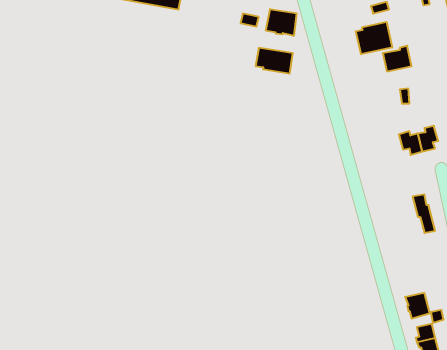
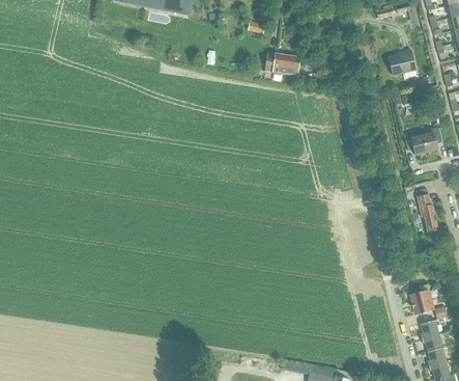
building: [266,9,296,36] -> none
building: [356,22,392,54] -> none

